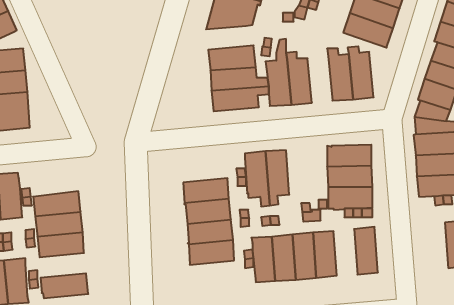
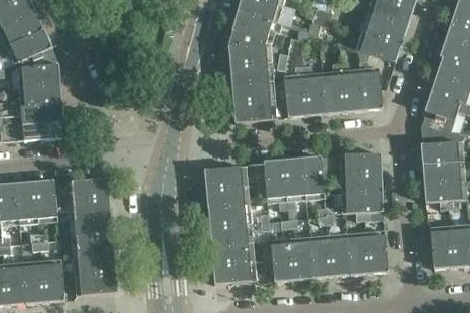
building: none -> [227,42,272,64]
building: none -> [322,63,345,113]
building: none -> [302,155,324,199]
building: none -> [204,166,248,188]
building: none -> [66,177,109,201]
building: none -> [430,225,452,268]
building: none -> [346,231,368,274]
building: none -> [73,253,116,276]
building: none -> [212,260,256,283]

